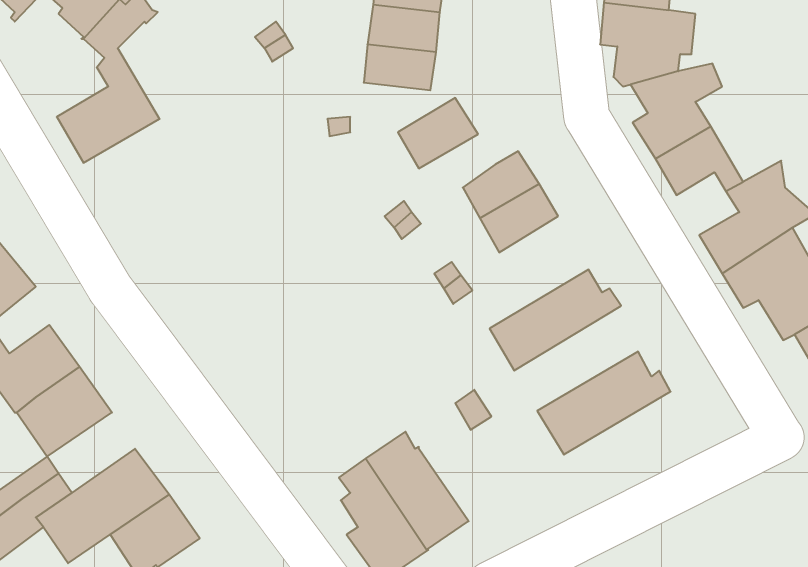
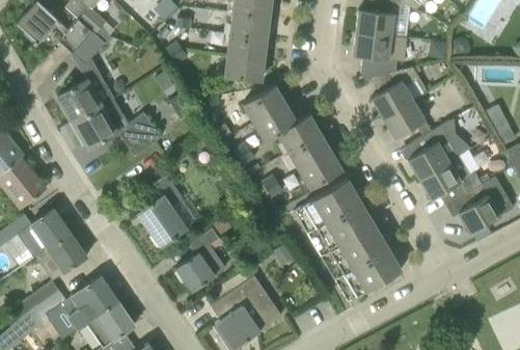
building: none -> [73,97,155,149]
building: none -> [255,105,297,142]
building: none -> [299,150,344,189]
building: none -> [138,174,188,246]
building: none -> [307,198,375,255]
building: none -> [176,227,226,292]
building: none -> [334,245,402,302]

